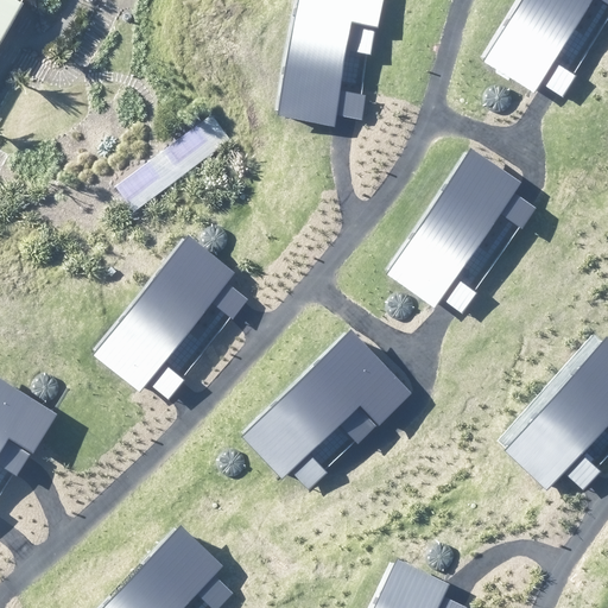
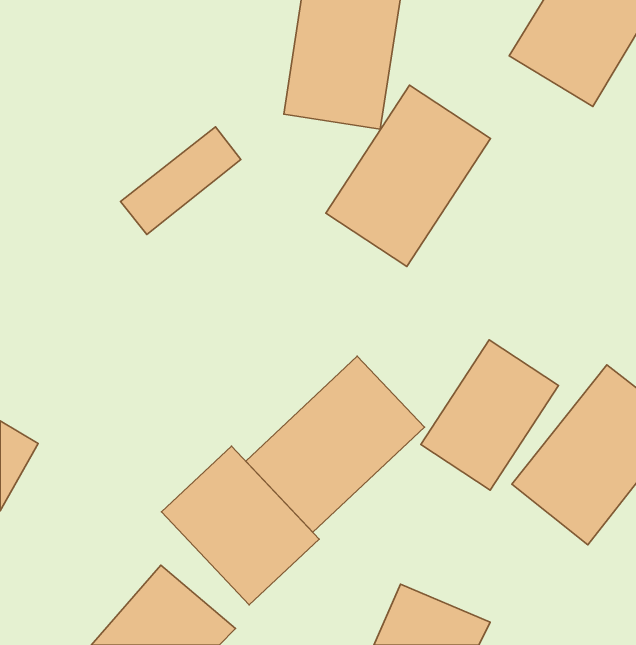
building: [388,150,543,319] -> [326,85,491,266]
building: [90,236,253,404] -> none
building: none -> [421,340,559,490]
building: none -> [162,446,319,605]

